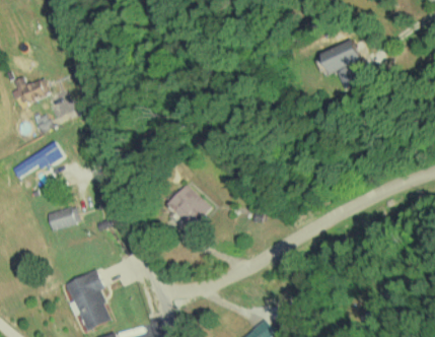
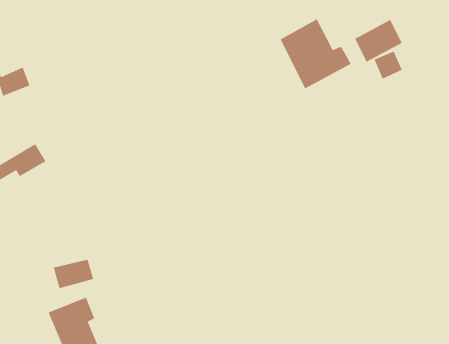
building: none -> [279,18,352,89]
building: [168,185,211,226] -> none
building: [46,206,80,231] -> [53,259,94,289]

